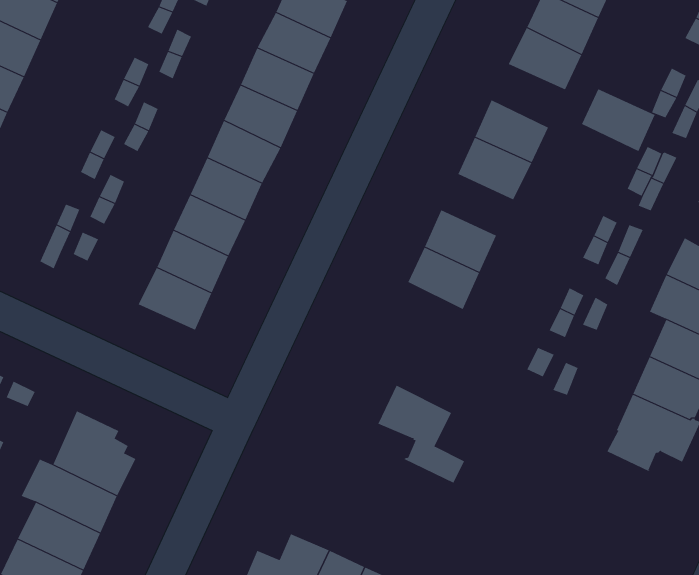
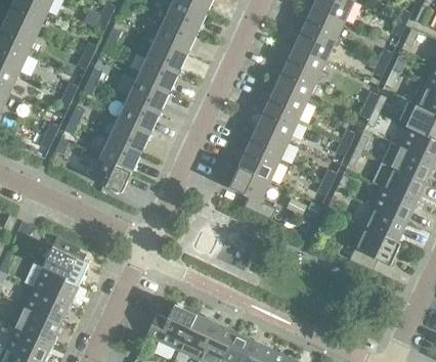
building: [581,89,656,152] -> [285,46,325,81]
building: none -> [257,106,297,140]
building: [378,385,465,483] -> [228,166,276,220]

